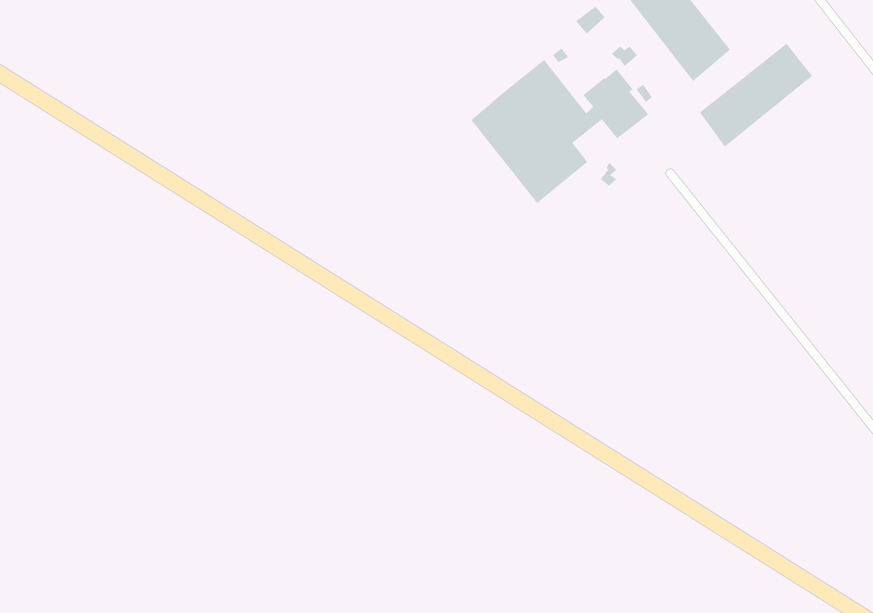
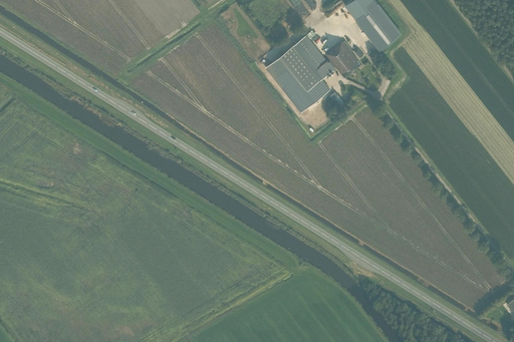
building: [699,43,813,148] -> none

